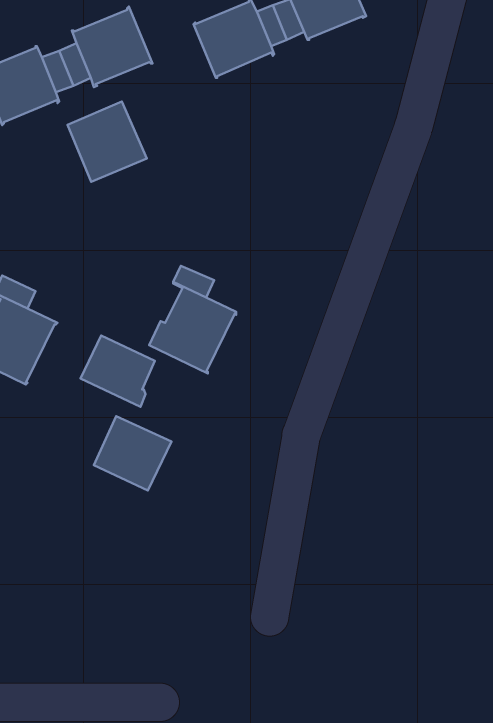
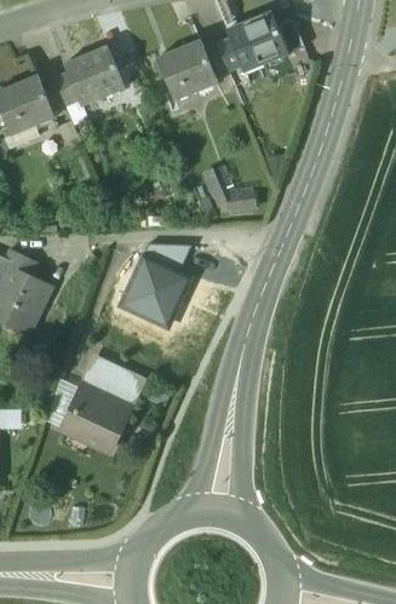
building: [68,102,147,182] -> none
building: none -> [202,168,254,211]
building: [80,336,155,407] -> [63,396,120,450]

